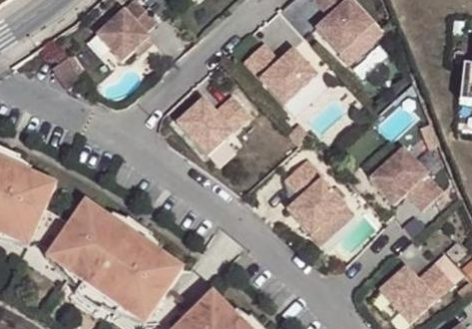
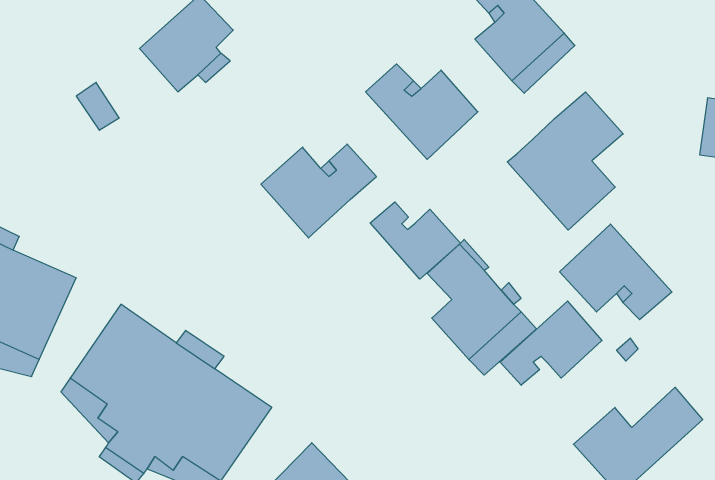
building: none -> [507,92,623,230]
building: none -> [370,202,460,279]
building: none -> [500,301,602,385]

